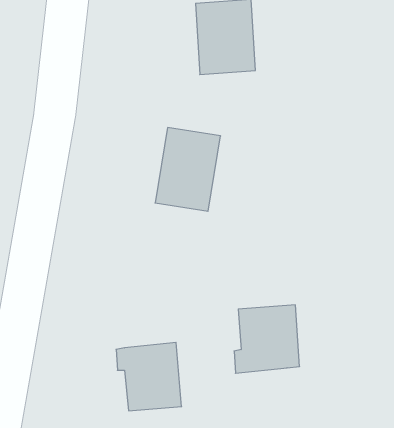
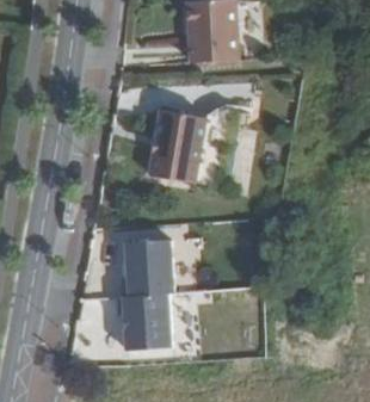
building: [234,305,300,373] -> [121,241,177,299]

